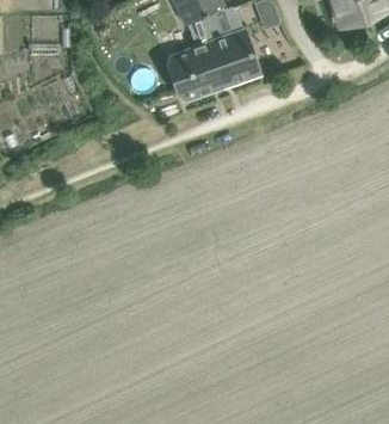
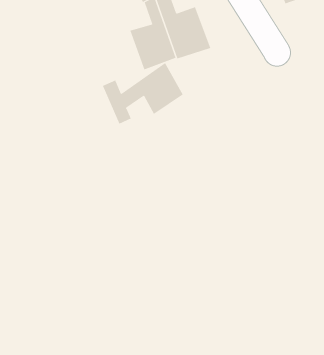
building: none -> [102,62,184,125]

